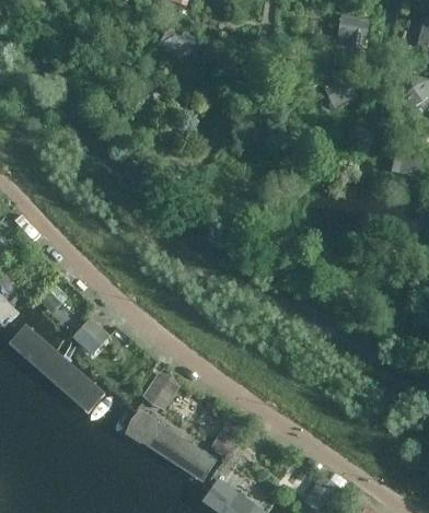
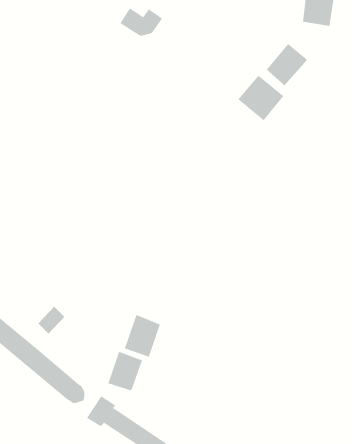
building: none -> [237,75,284,121]
building: none -> [124,314,160,357]

